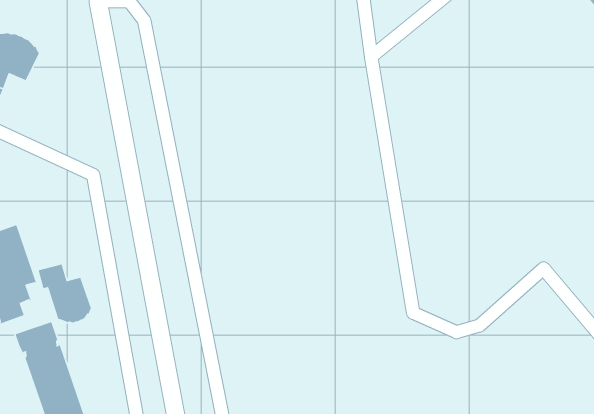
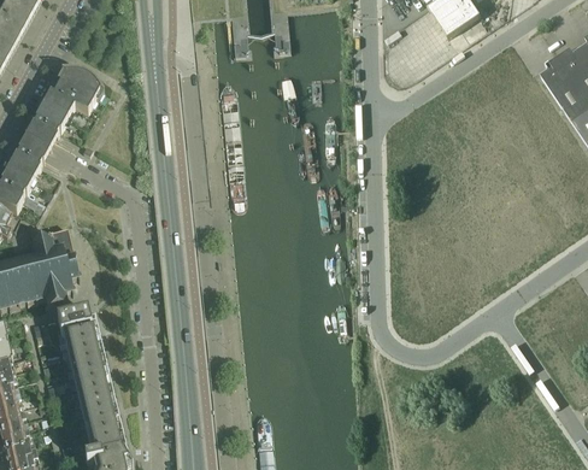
building: [37,264,92,324] -> none

